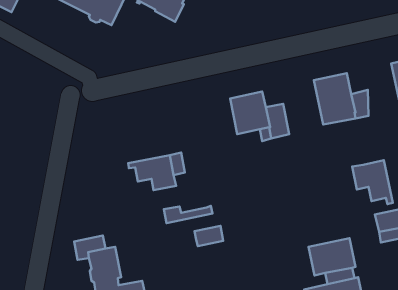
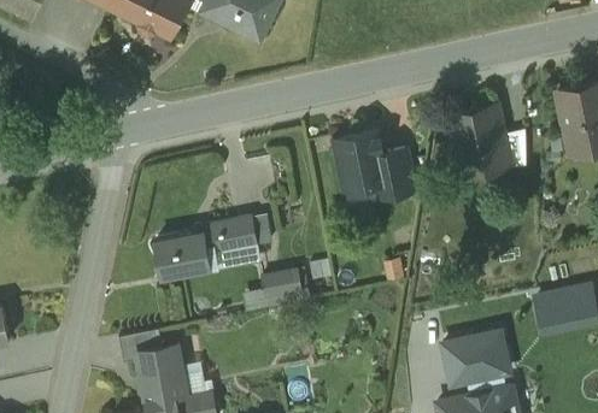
building: [352,160,393,204] -> none
building: none -> [156,234,228,277]
building: [194,226,223,246] -> [262,269,301,296]

